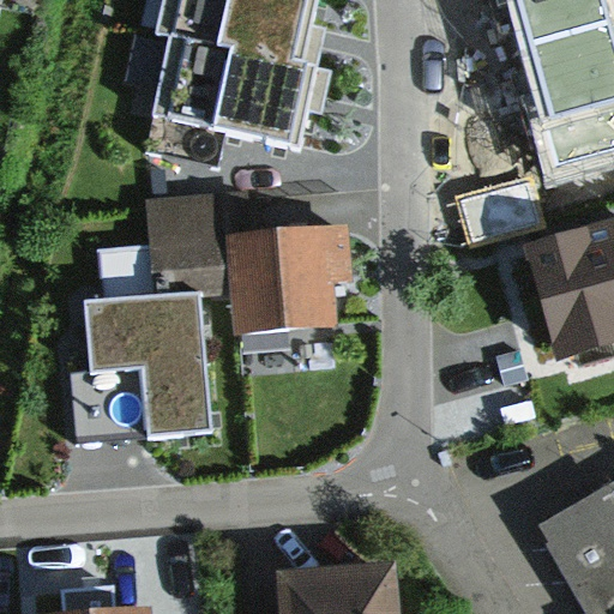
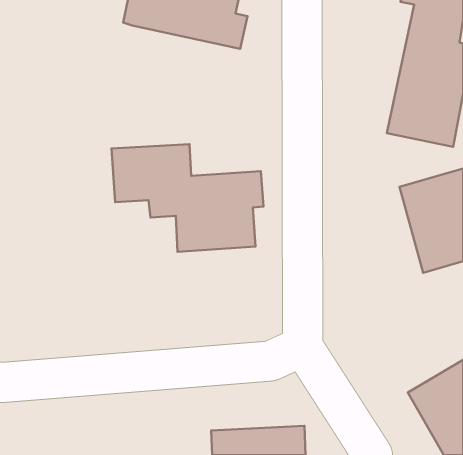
building: [157,34,332,148] -> none
building: [72,294,206,439] -> none

